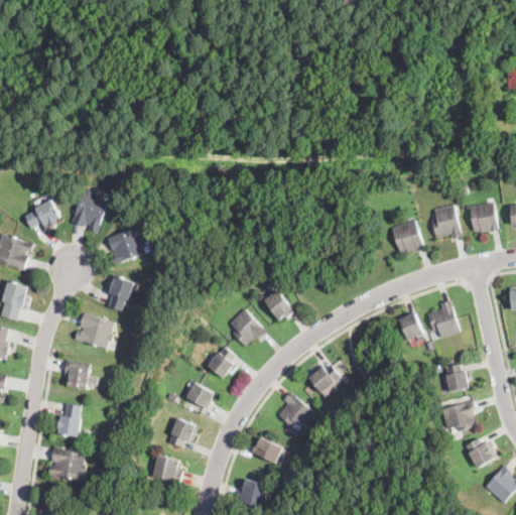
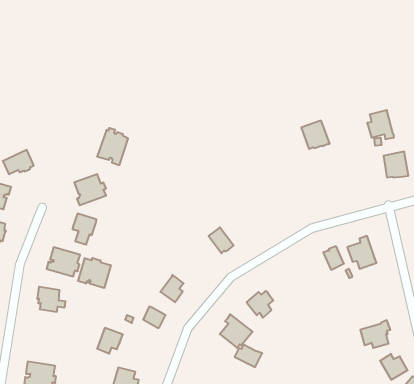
building: [71,189,107,233] -> [97,128,128,165]
building: [430,205,462,239] -> [367,110,394,139]
building: [391,220,424,253] -> [301,121,330,149]
building: [230,308,267,347] -> none
building: none -> [78,258,111,288]
building: [444,364,469,392] -> none
building: [54,403,81,436] -> none
building: [168,417,199,447] -> [97,328,123,354]
building: [250,437,282,464] -> [235,345,262,367]

